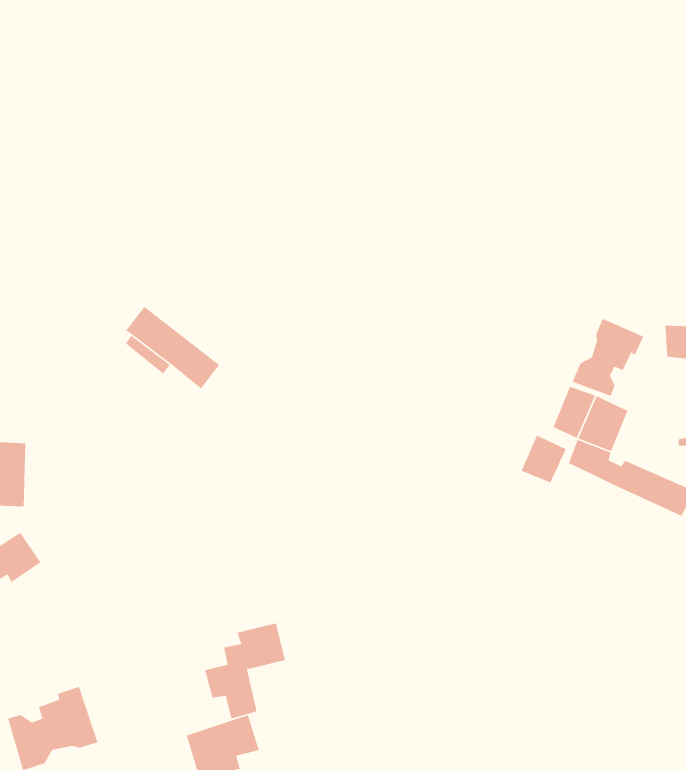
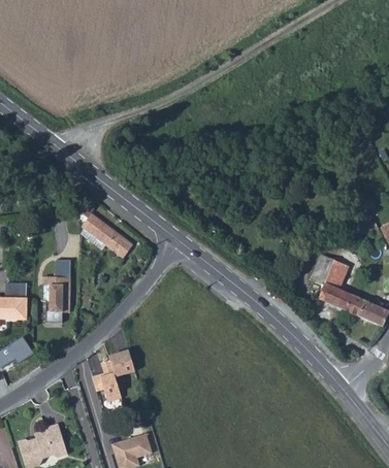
building: [572,318,644,397] -> none
building: none -> [41,258,70,321]
building: [520,434,567,483] -> none
building: [204,623,286,719] -> [93,348,137,401]

